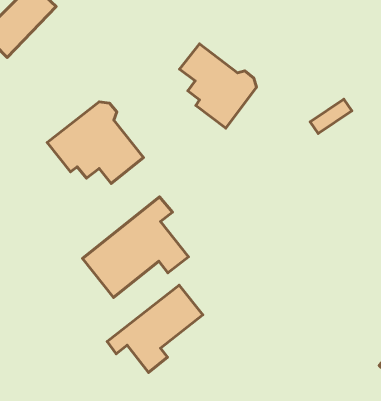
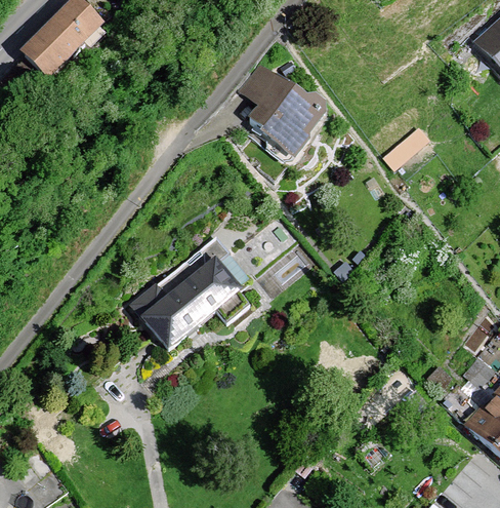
building: [47,102,143,184] -> none
building: [107,285,203,372] -> none

